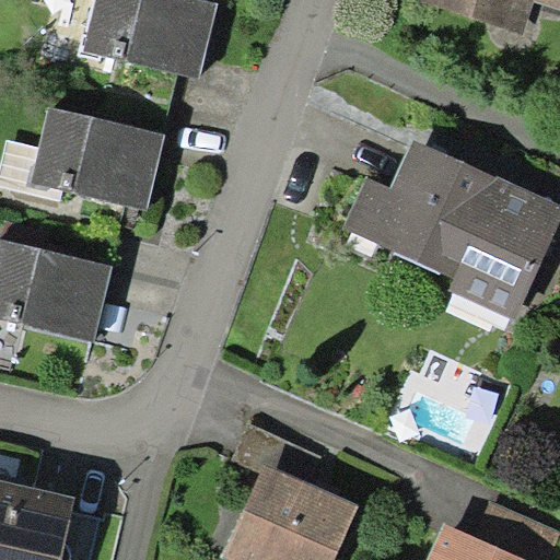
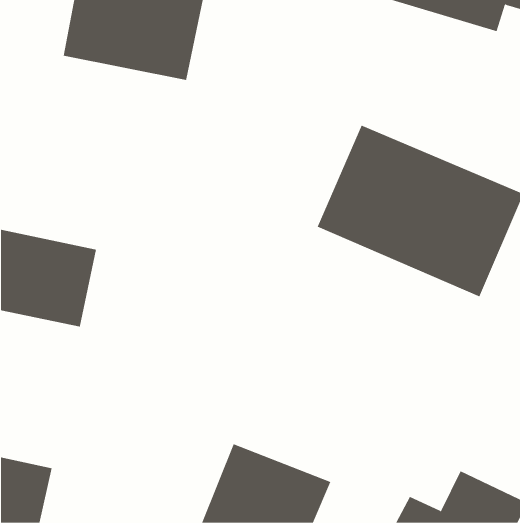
building: [21,106,164,217] -> none

